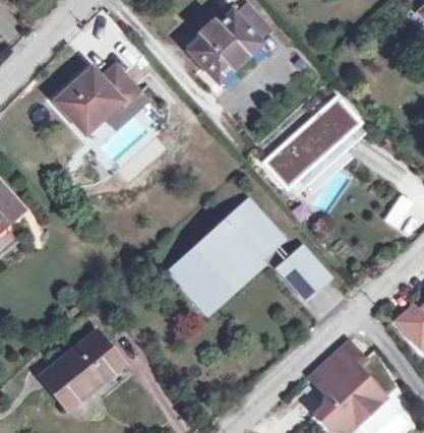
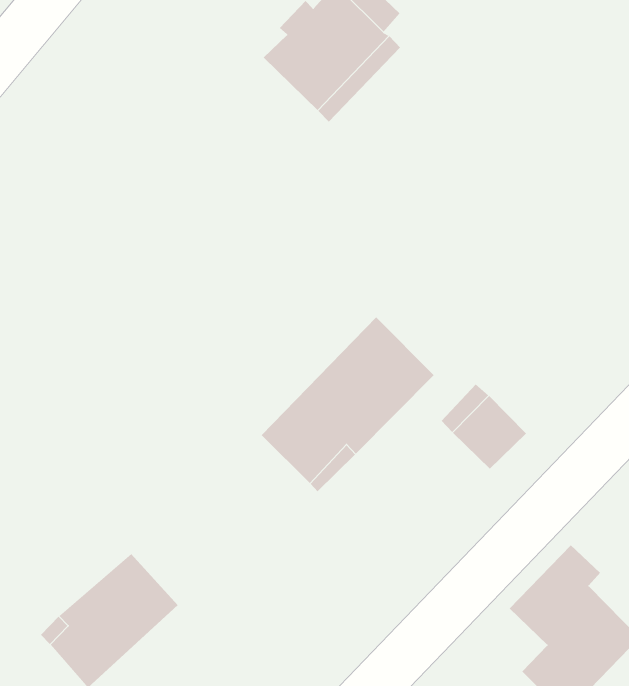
building: [56,67,136,131] -> none
building: [261,94,362,190] -> none

